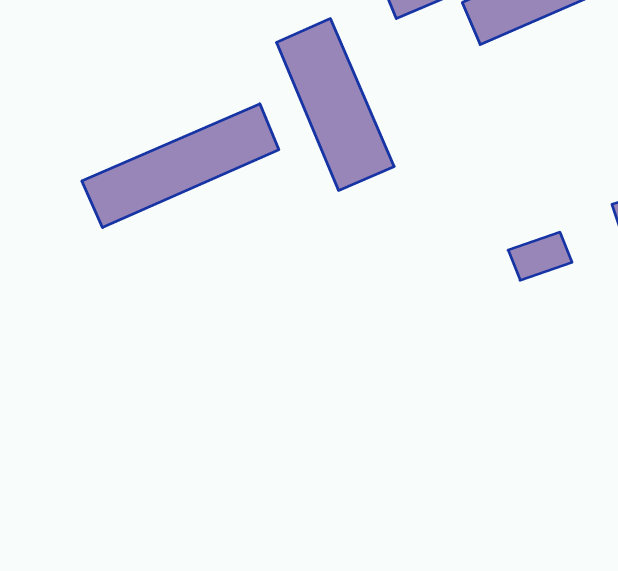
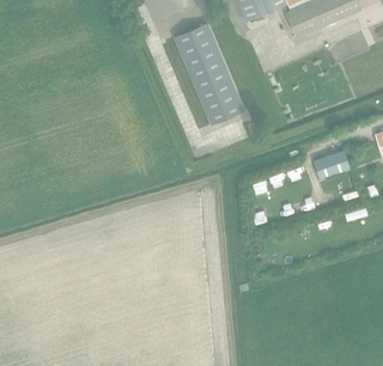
building: [82,104,279,228] -> none

